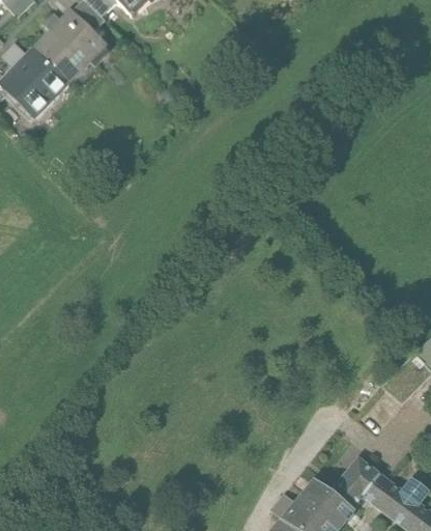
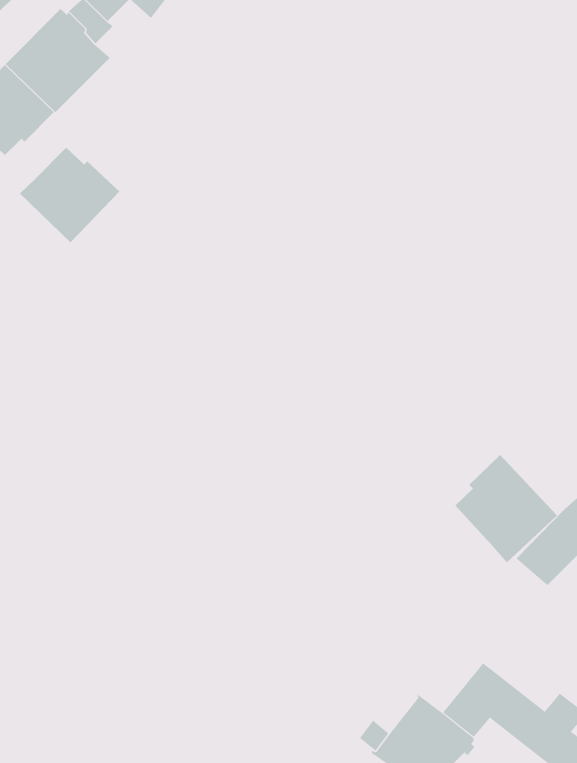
building: none -> [19,147,120,243]
building: none -> [455,454,558,563]

